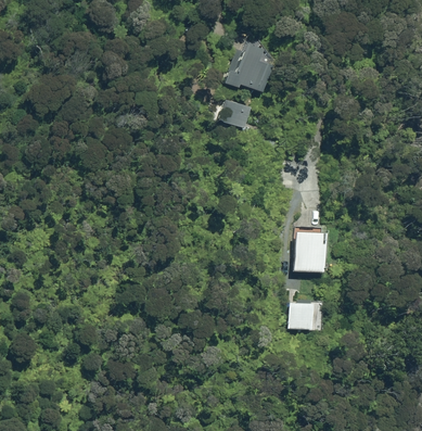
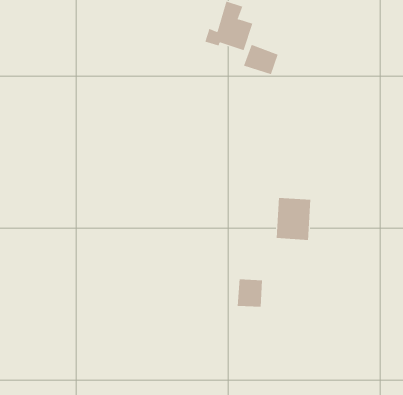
building: [215,98,248,127] -> [243,44,278,75]
building: [286,303,311,330] -> [237,279,263,307]

